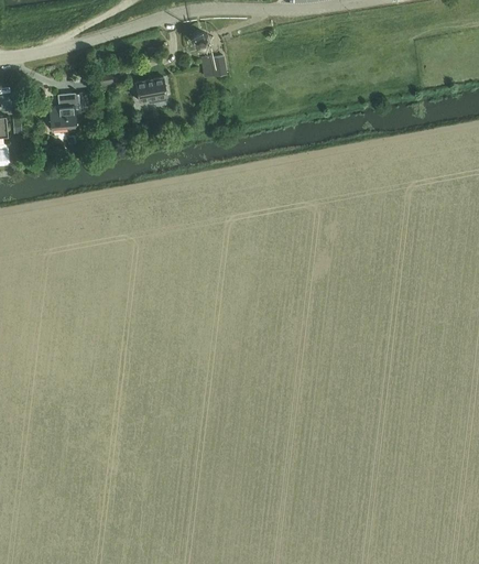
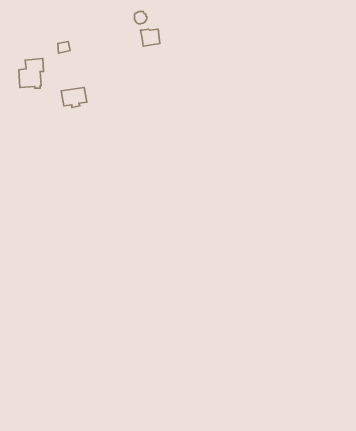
building: [135,78,167,104] -> [61,87,87,108]

